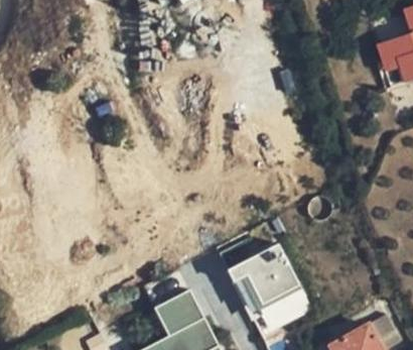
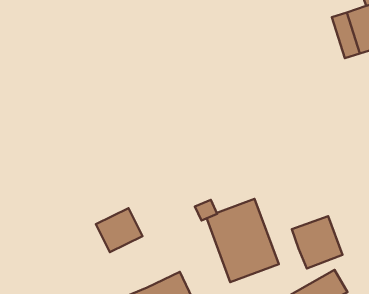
building: none -> [292,216,343,269]
building: [155,290,205,338] -> [96,208,142,252]

